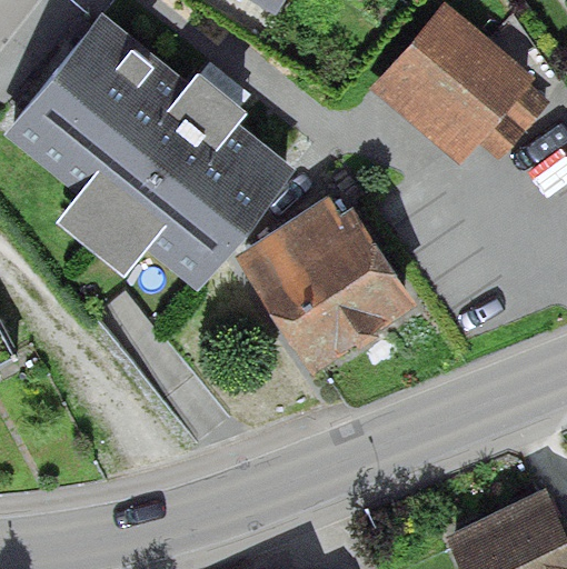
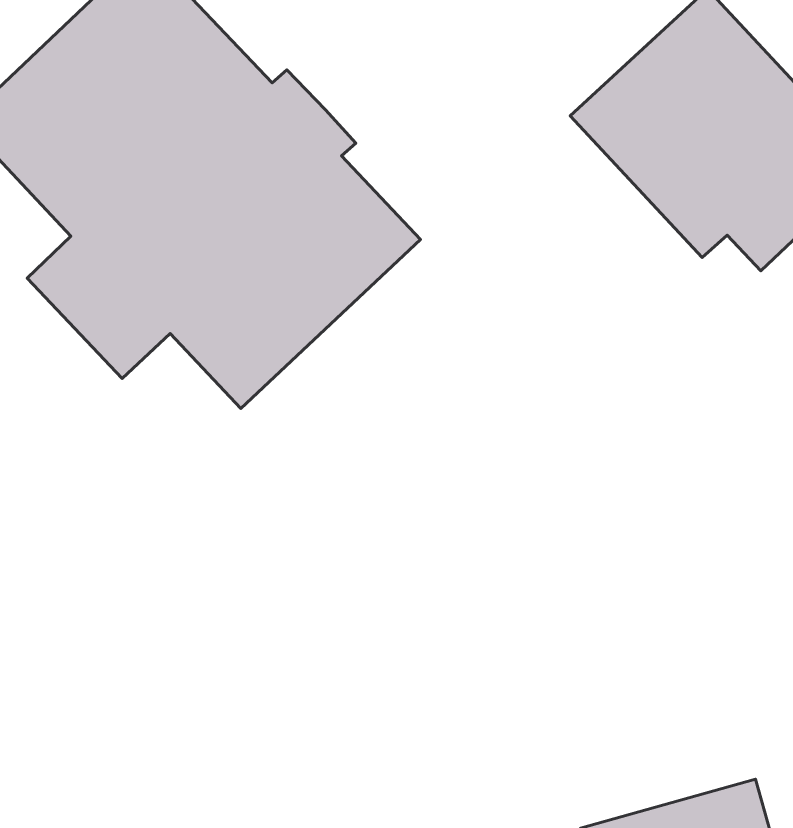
building: [242,188,408,358] -> none

